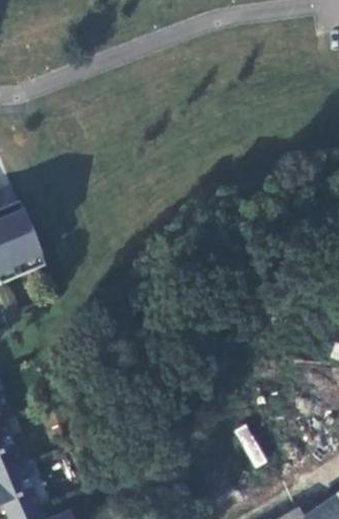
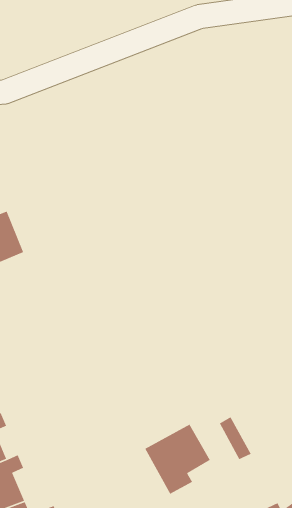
building: none -> [144,424,211,495]

